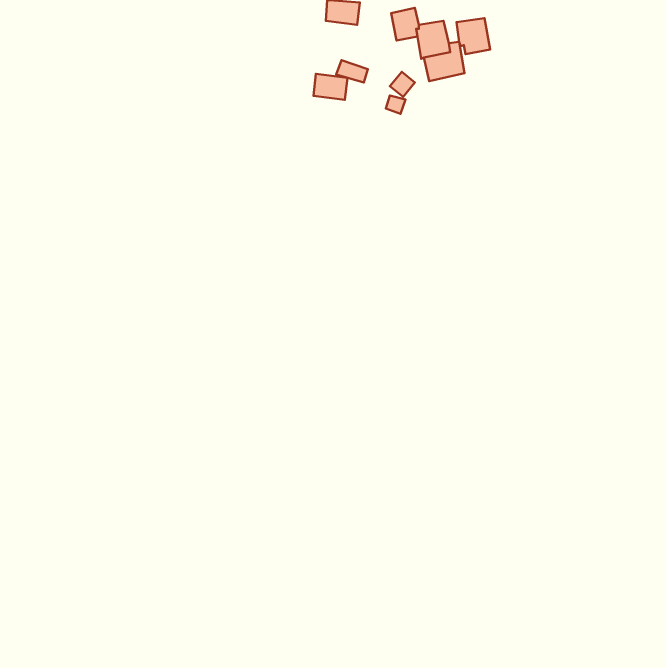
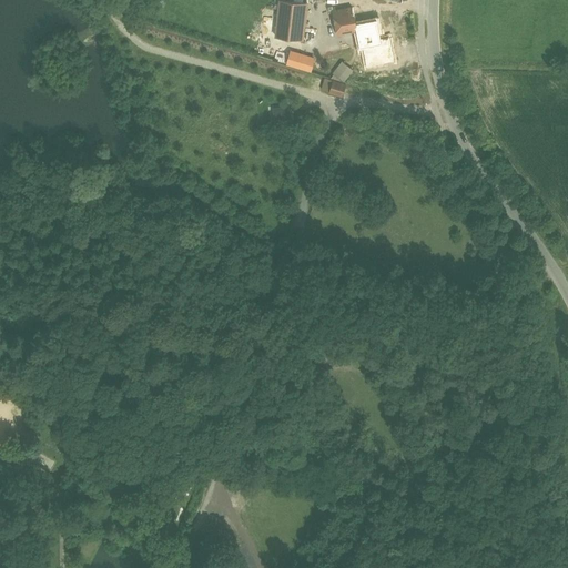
building: [457,18,490,54] -> none
building: [313,74,347,100] -> [274,18,303,40]

